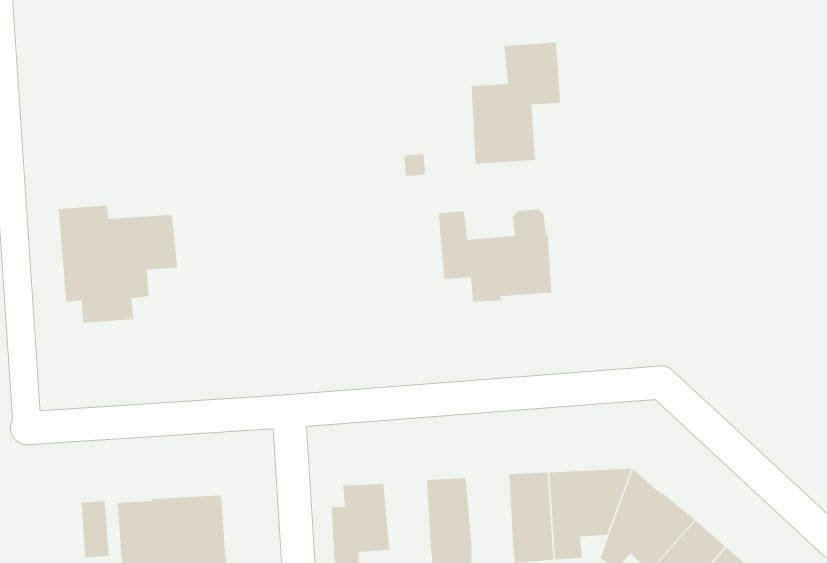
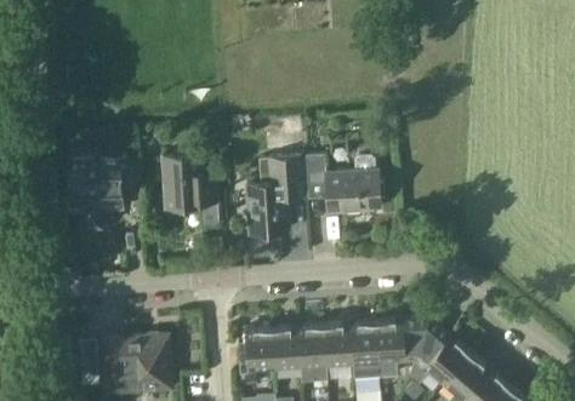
building: [471,42,561,164] -> [246,156,303,234]
building: none -> [161,154,220,228]
building: none -> [324,322,353,367]
building: none -> [272,326,301,371]

